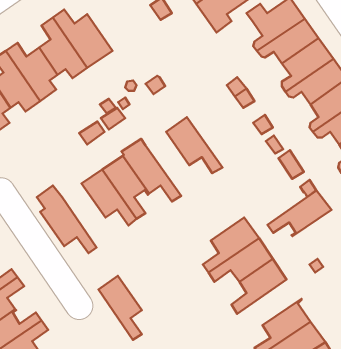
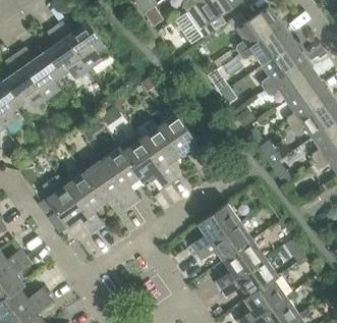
building: none -> [139,126,178,183]
building: [267,191,331,236] -> [221,258,278,299]
building: [98,276,142,340] -> [65,172,104,229]

